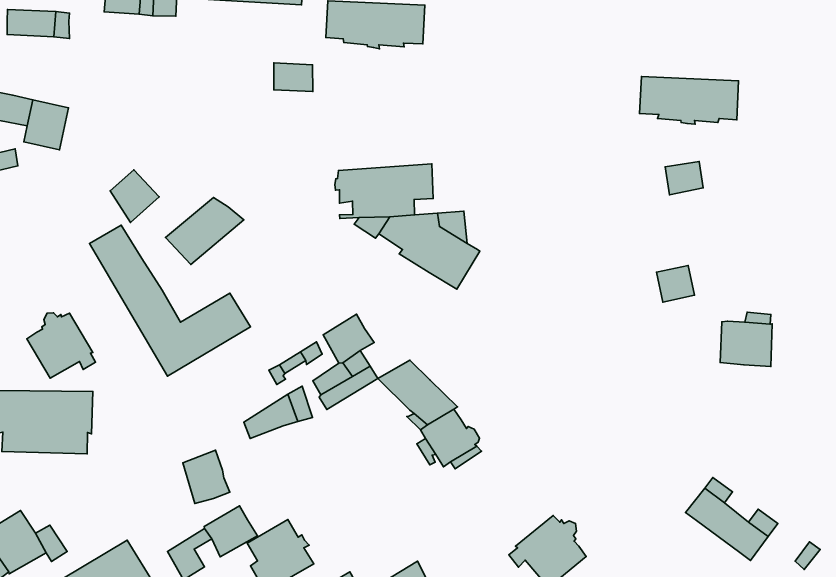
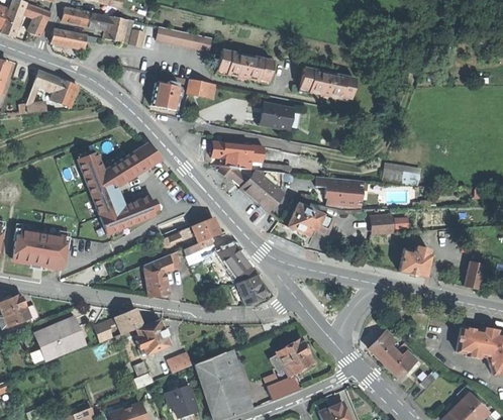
building: [639,77,738,124] -> [300,68,355,98]
building: none -> [152,83,181,110]
building: none -> [261,103,293,130]
building: [110,170,159,222] -> [104,162,129,189]
building: none -> [315,176,359,209]
building: none -> [288,203,331,236]
building: [27,313,96,378] -> none
building: [183,450,230,503] -> [146,270,169,296]

